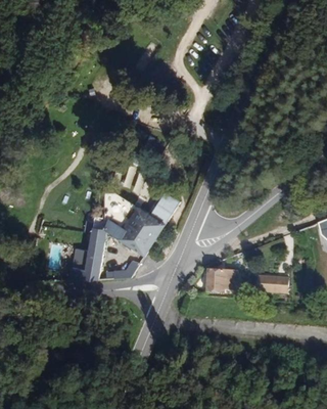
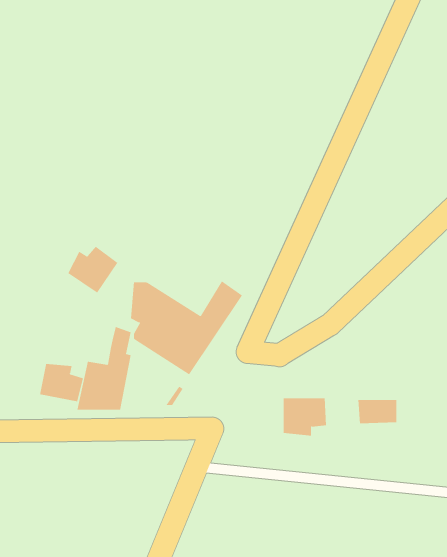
building: none -> [68,246,118,294]
building: none -> [40,363,84,402]

